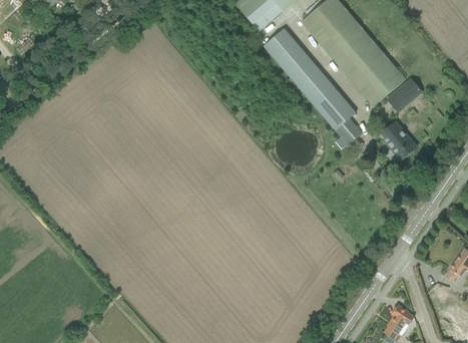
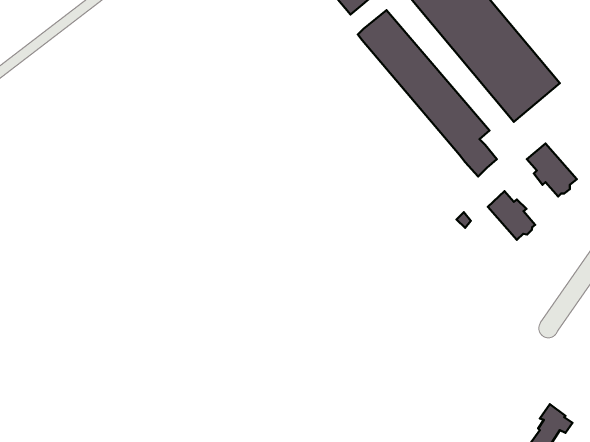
building: [387,79,421,111] -> none
building: none -> [488,191,535,240]

